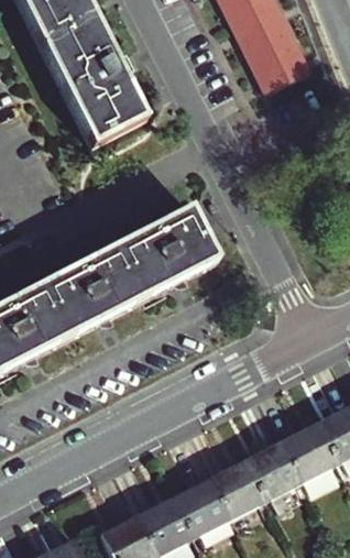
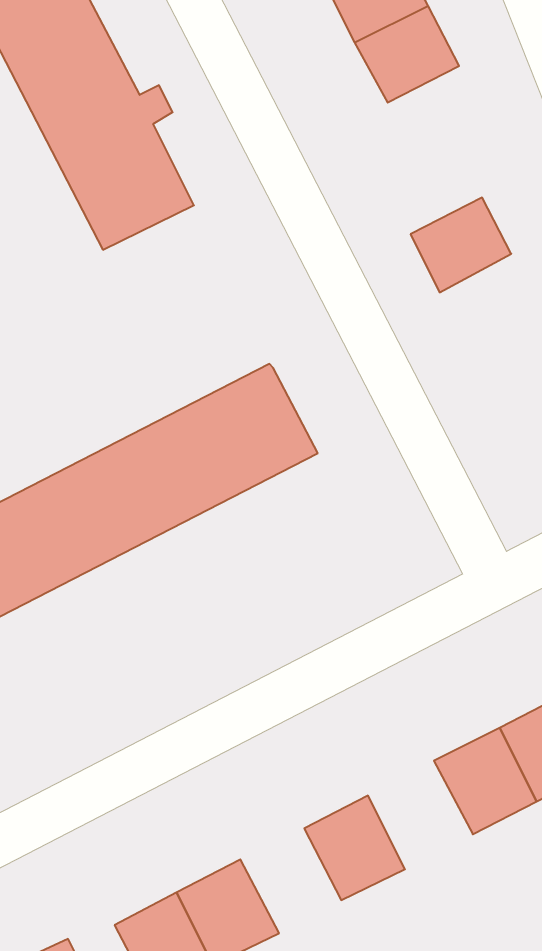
building: [255,44,313,98] -> [411,198,511,292]
building: [244,439,304,501] -> none
building: [172,478,229,537] -> none

